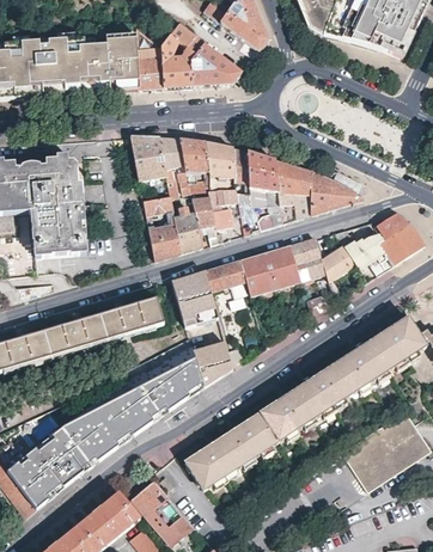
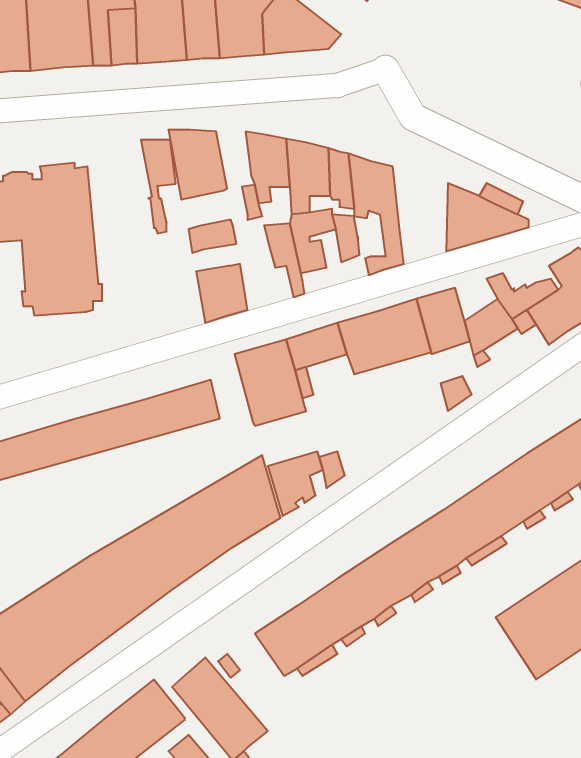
building: [160,136,183,197] -> [141,140,176,233]
building: [275,159,311,222] -> none
building: [175,206,203,252] -> none

